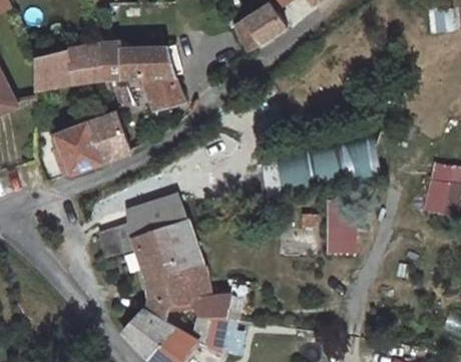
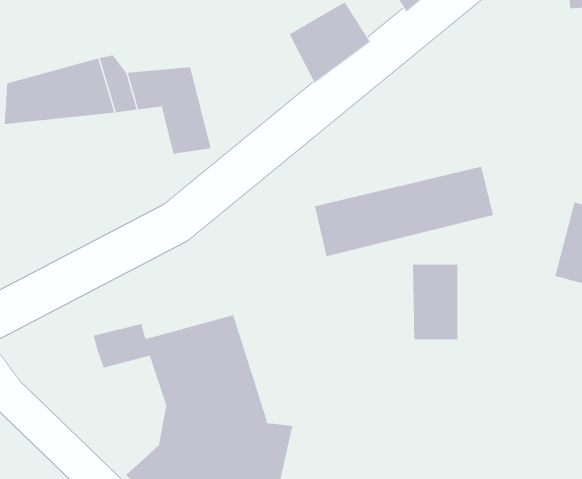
building: [51,115,135,180] -> none
building: [128,199,192,237] -> none

